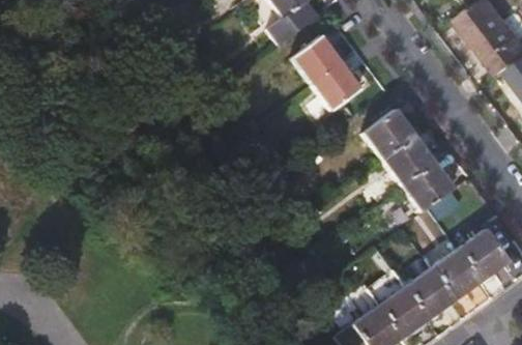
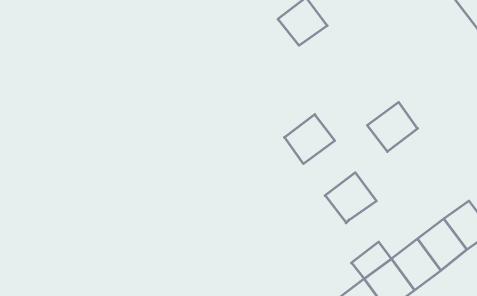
building: [315,59,363,107] -> none
building: [364,109,413,157] -> [284,114,335,164]
building: [402,161,453,210] -> [325,173,376,223]

